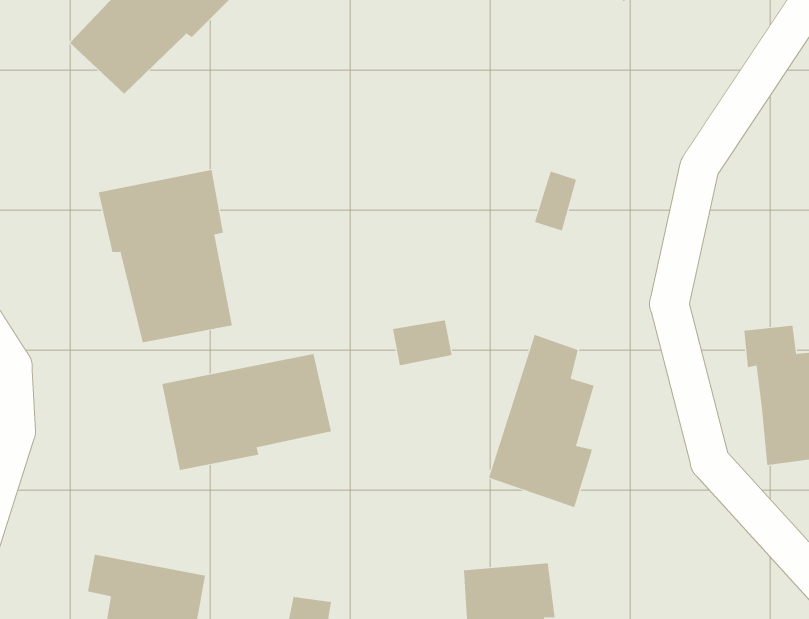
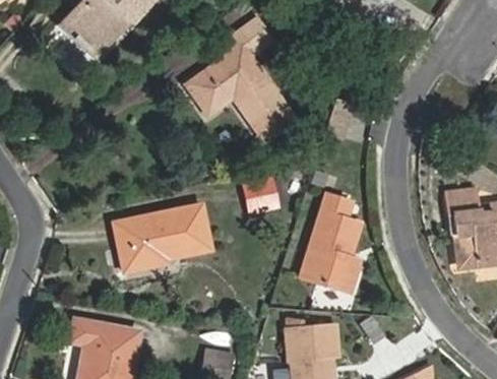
building: none -> [184,22,295,141]
building: [98,169,232,343] -> none

